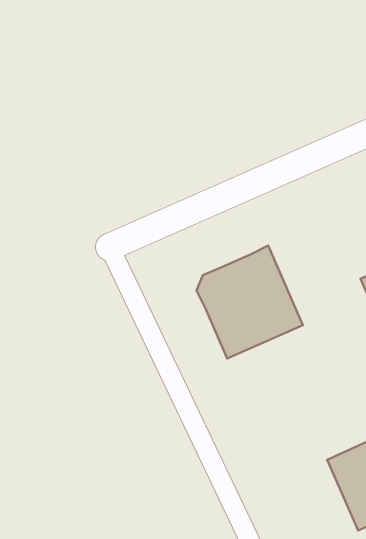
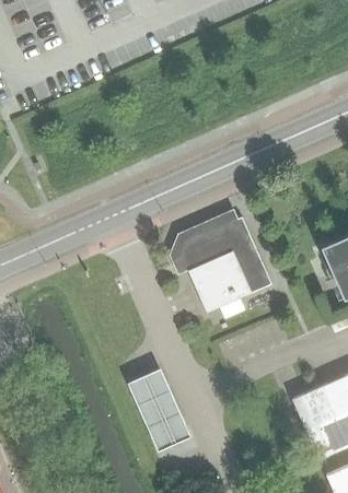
building: none -> [129,373,190,451]

